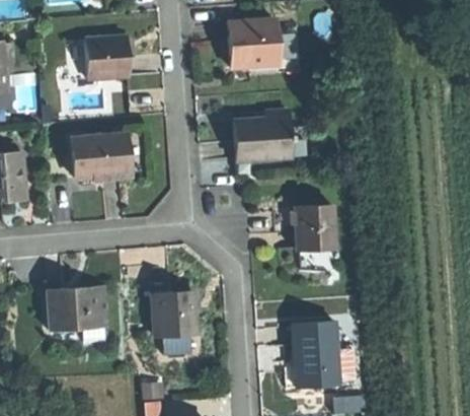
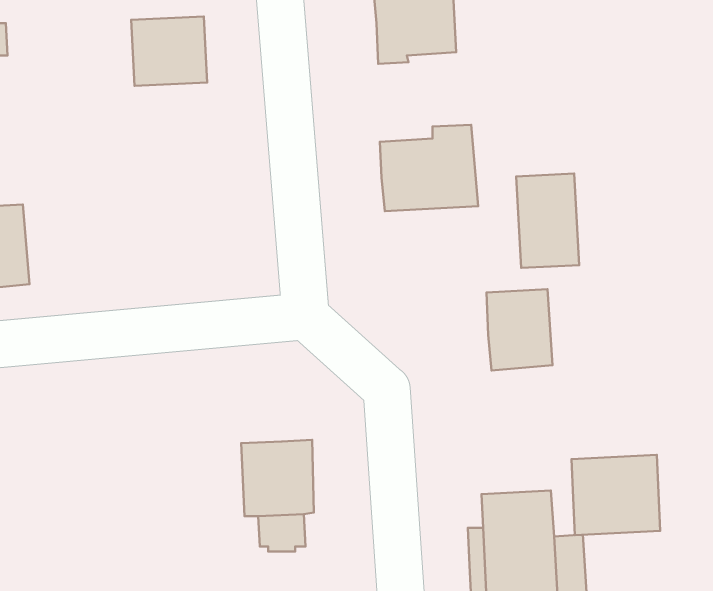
building: none -> [516,174,579,268]
building: [72,135,123,179] -> none
building: [52,286,111,329] -> none
building: none -> [572,455,660,535]

